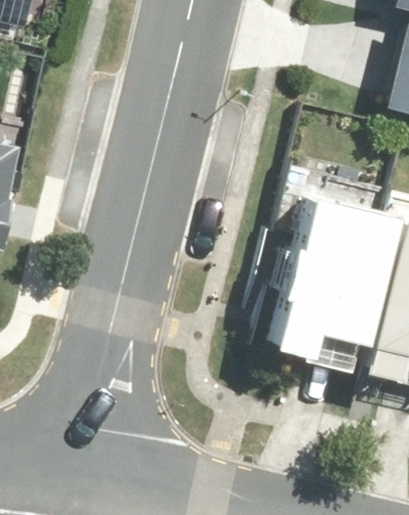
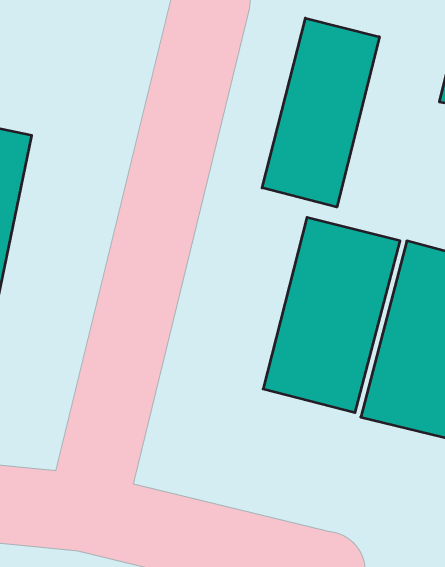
building: none -> [262,18,379,207]

